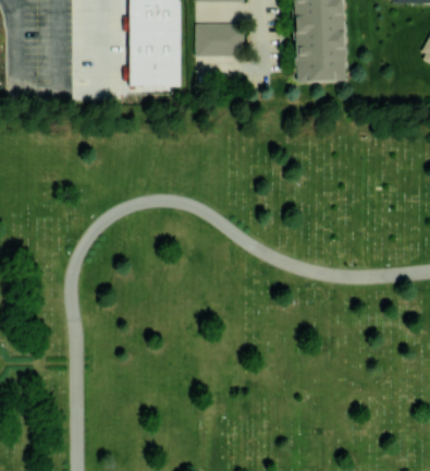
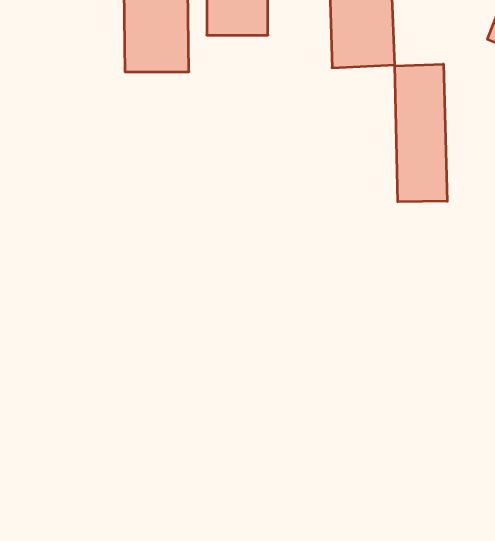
building: none -> [395,64,447,202]

